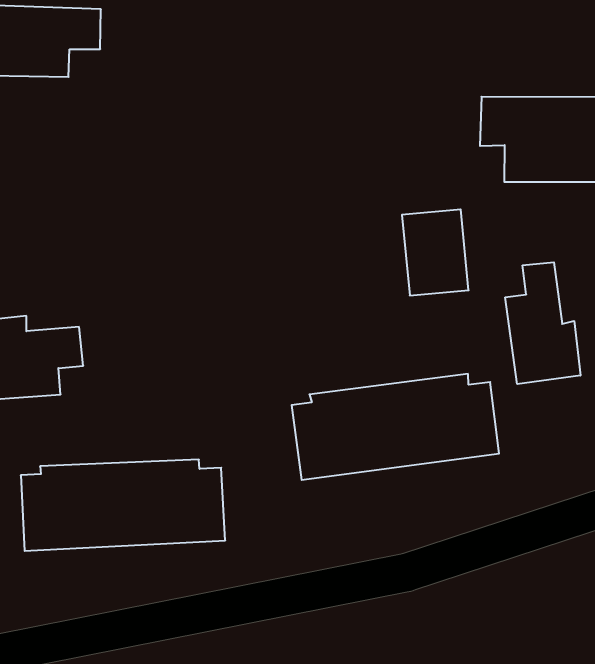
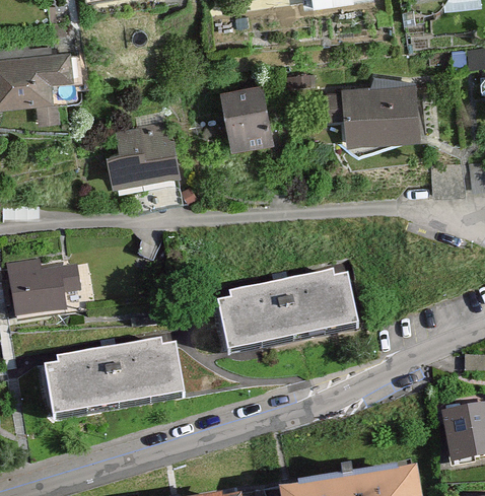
building: none -> [110,122,177,183]
building: [402,209,469,295] -> [219,83,268,143]
building: [505,262,580,384] -> none

